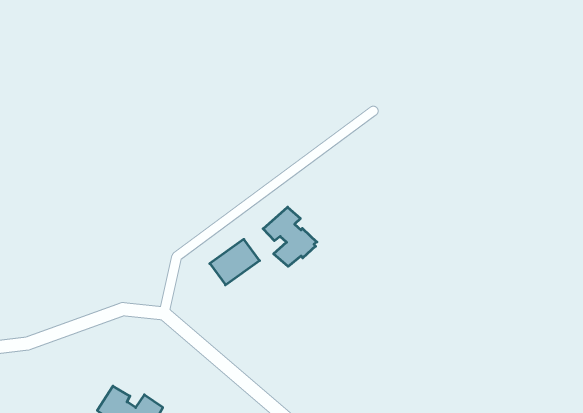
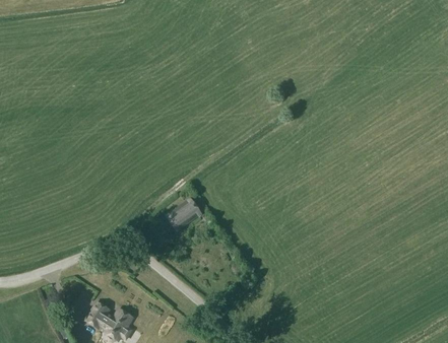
building: [263,207,317,266] -> none

